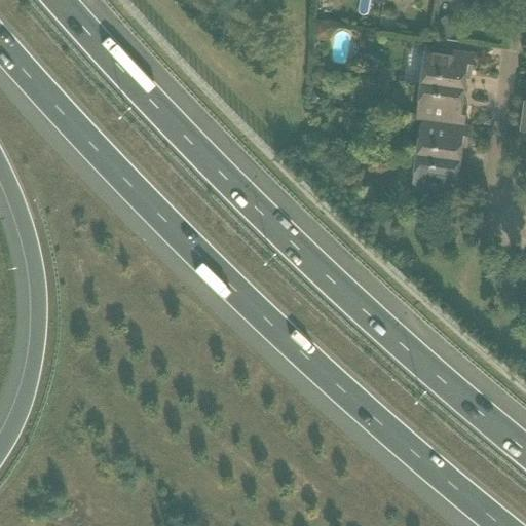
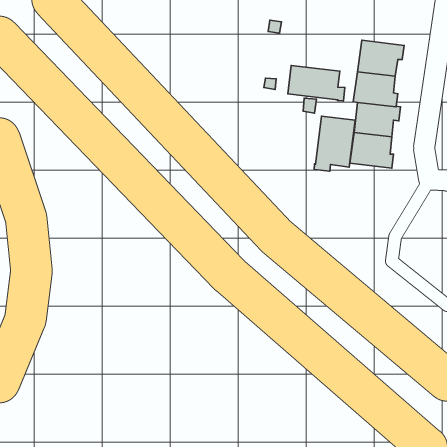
building: none -> [288,66,345,101]
building: none -> [314,116,355,171]

